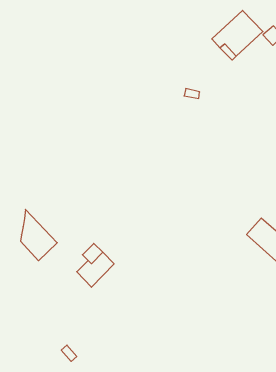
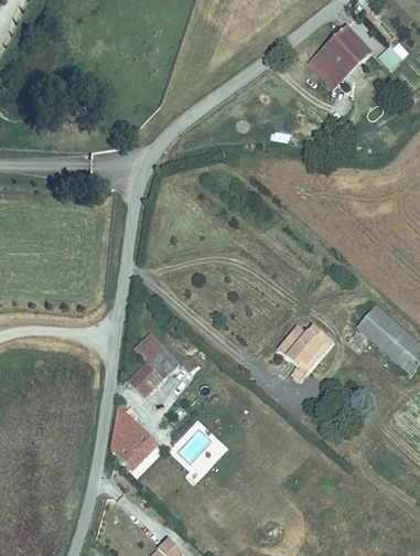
building: [21,209,57,261] -> [109,399,159,469]
building: none -> [277,327,331,373]

